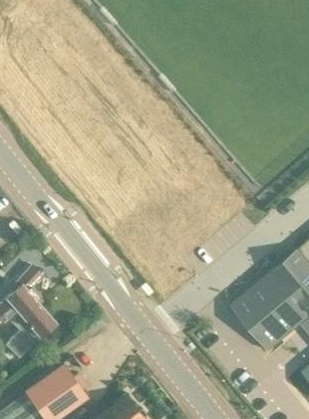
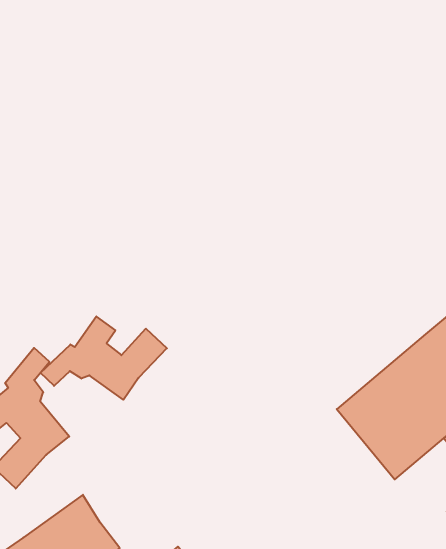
building: none -> [41,316,167,400]

